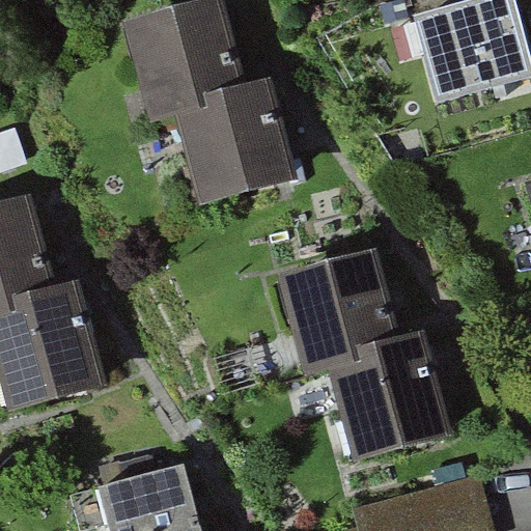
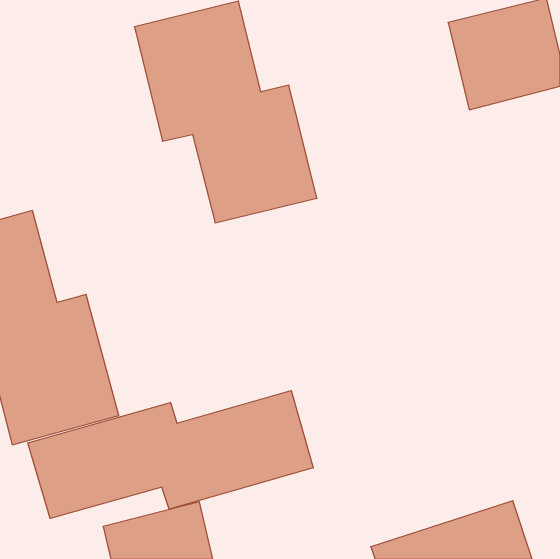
building: [275,247,451,463] -> none
building: none -> [28,391,313,518]

